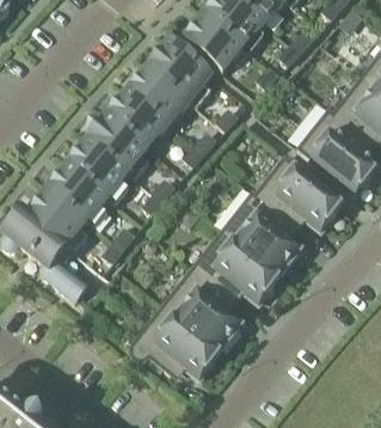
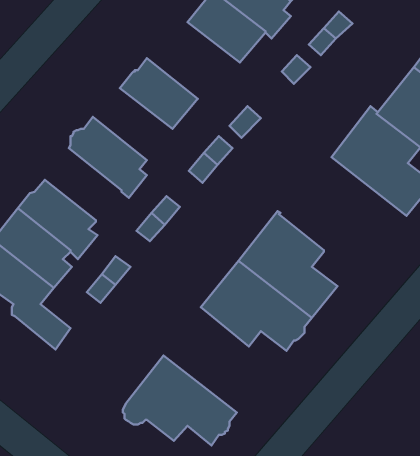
building: [149,43,211,108] -> none
building: [106,92,170,149] -> none
building: [68,140,129,203] -> none
building: [254,155,343,228] -> none
building: [162,267,241,350] -> none

